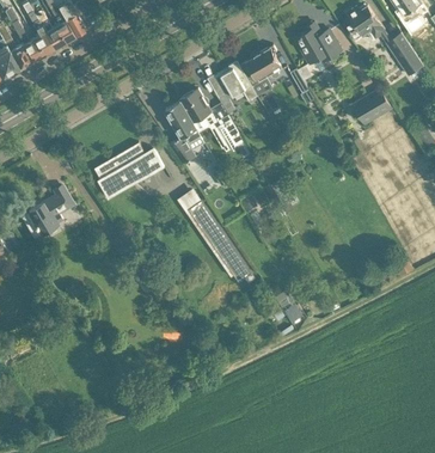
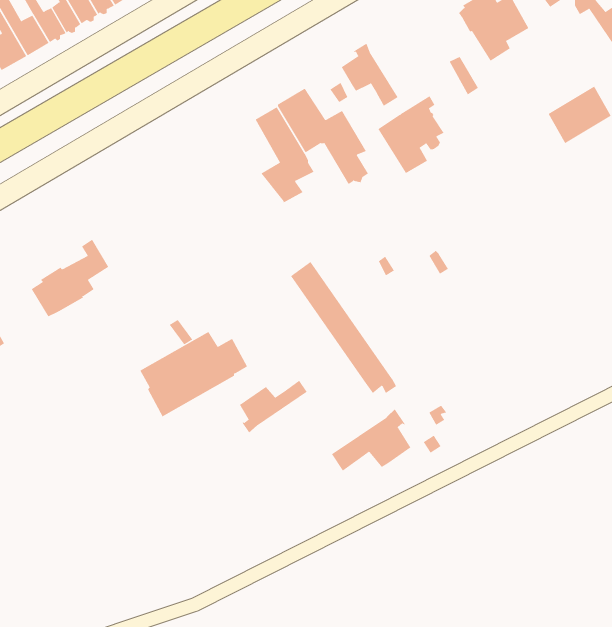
building: [240,45,283,96] -> [377,96,445,174]
building: [94,143,164,198] -> [140,331,248,417]
building: none -> [239,380,308,434]
building: none -> [331,409,411,471]

